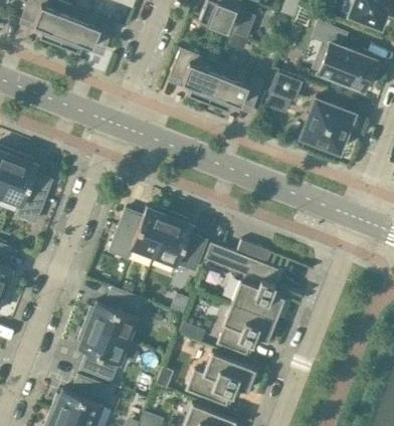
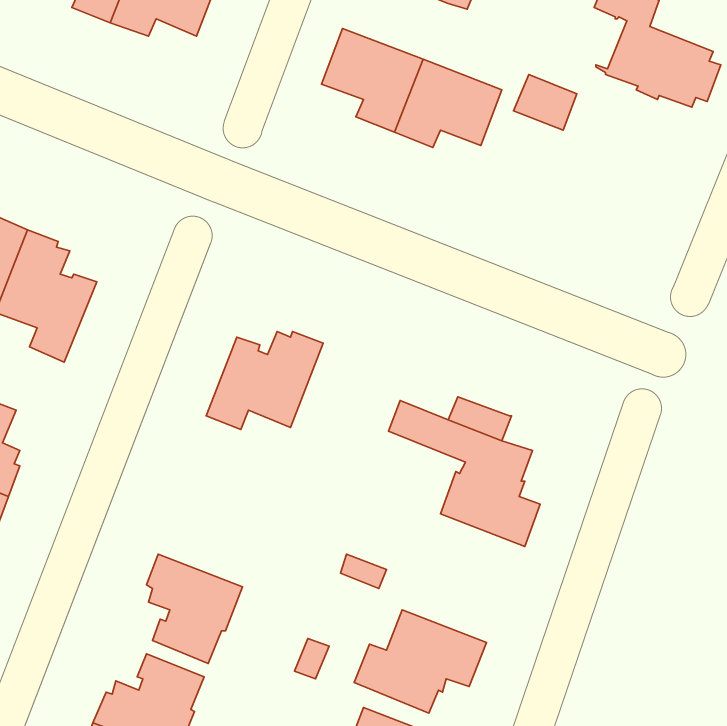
building: [302,99,354,153] -> none
building: [154,214,206,272] -> none
building: [84,289,143,342] -> none
building: [218,303,276,357] -> none

